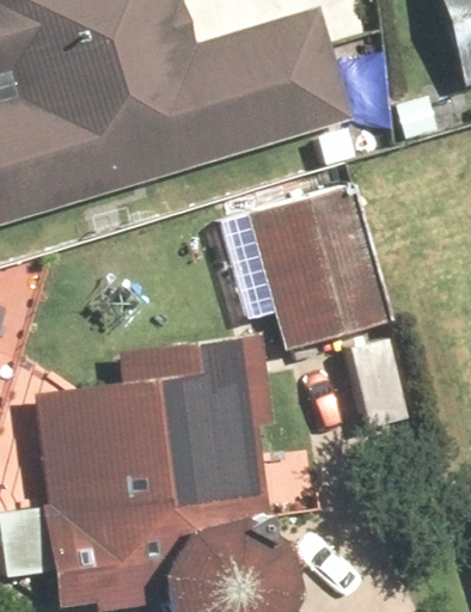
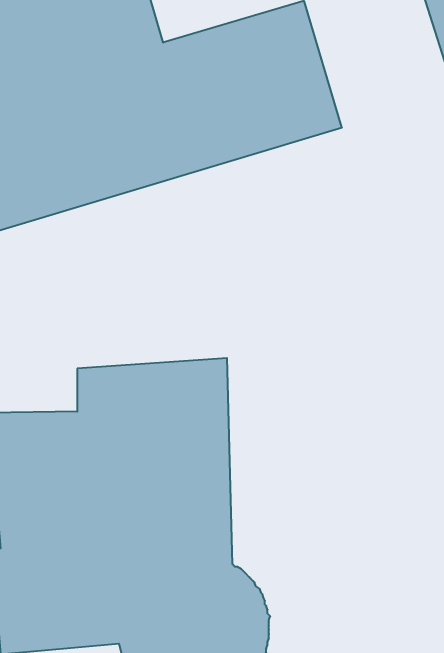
building: [219,183,396,349] -> none

